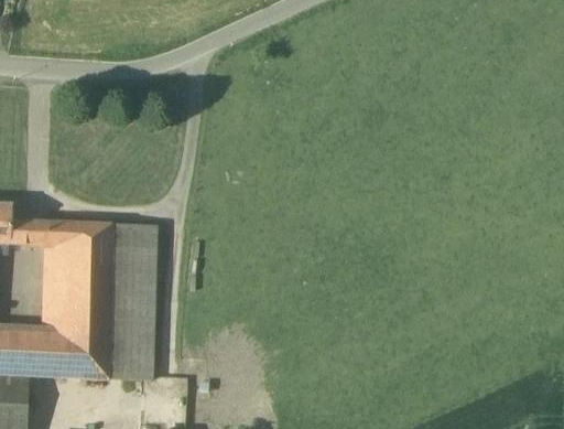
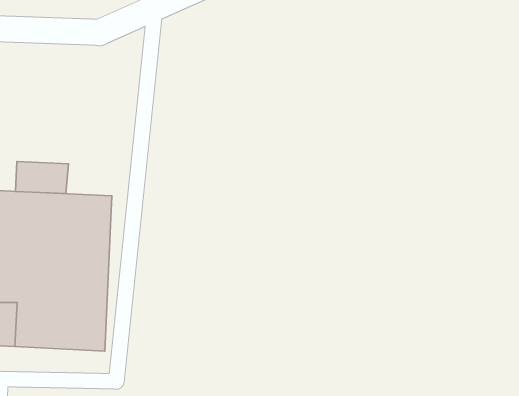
building: none -> [15,162,69,193]

